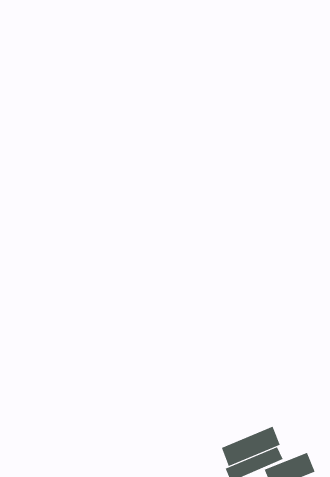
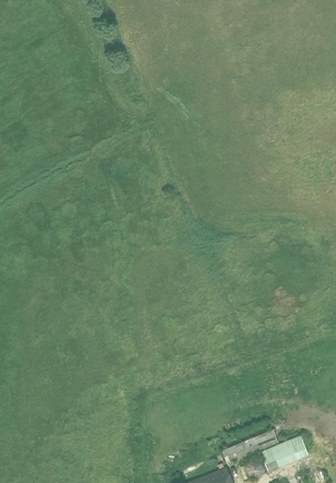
building: [221,426,280,467] -> none

